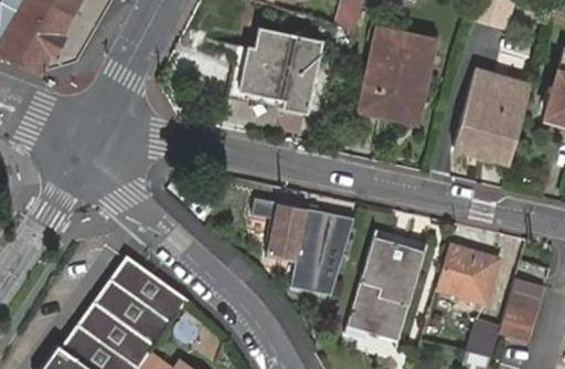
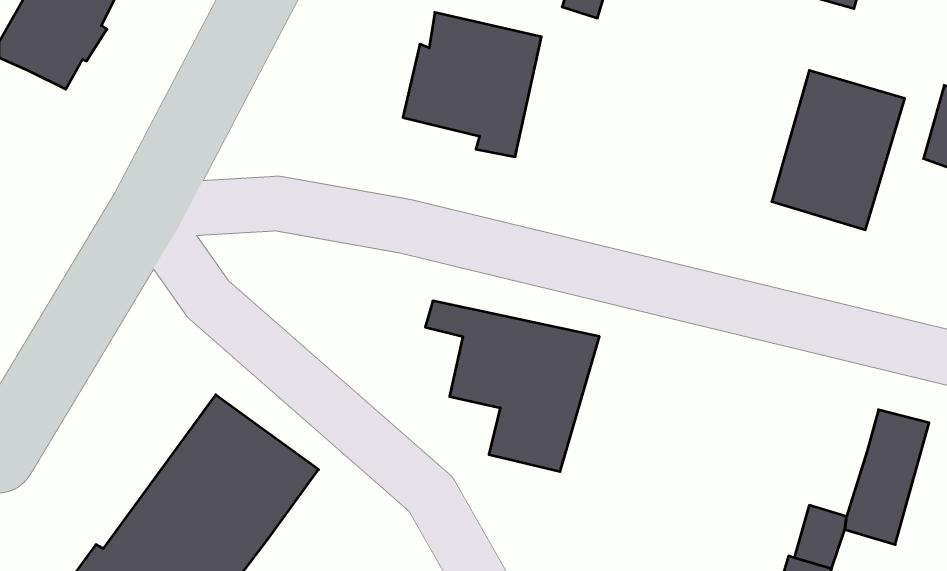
building: [359,27,433,120] -> none
building: [347,238,422,340] -> none
building: [437,247,493,301] -> none

